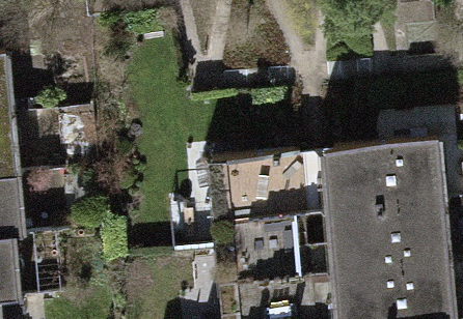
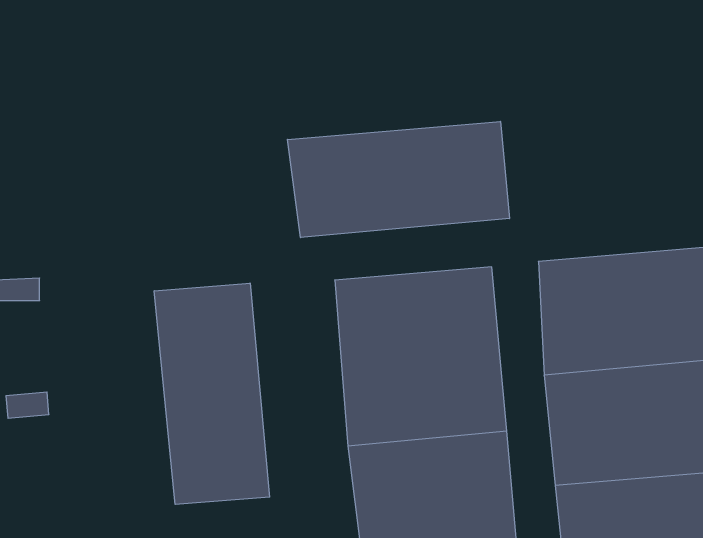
building: none -> [287,121,509,238]
building: none -> [154,283,270,504]

